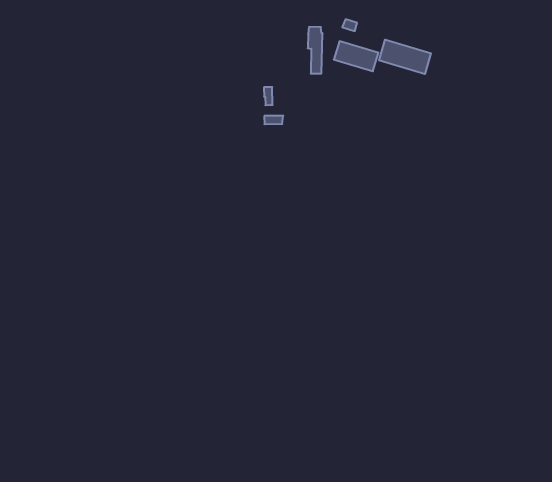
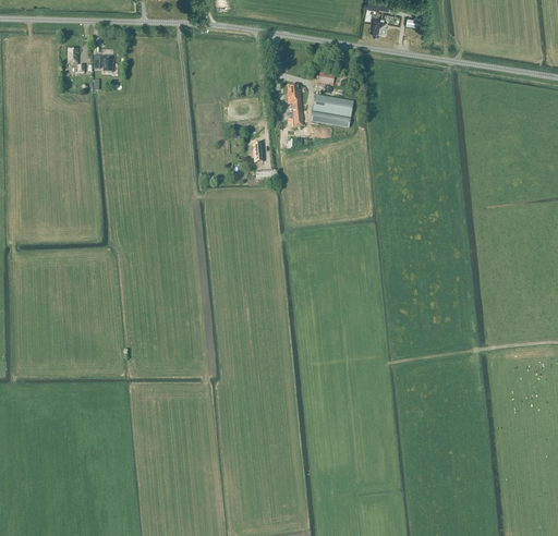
building: [379,40,431,74] -> none

